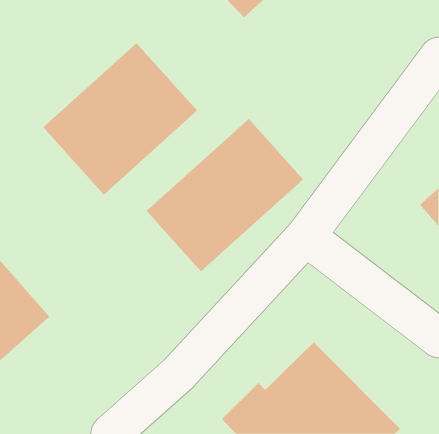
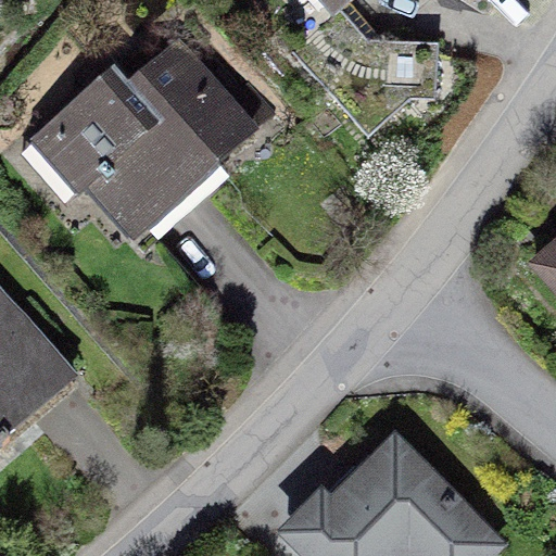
building: [146,118,304,272] -> none

